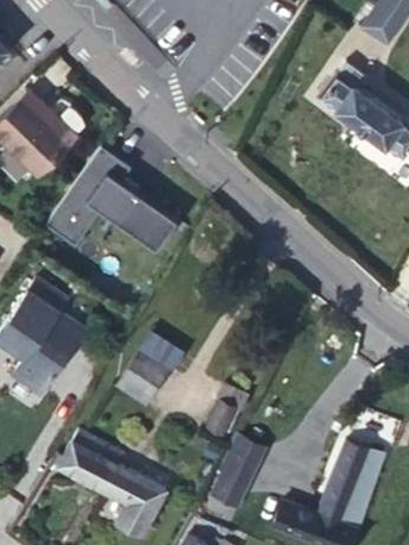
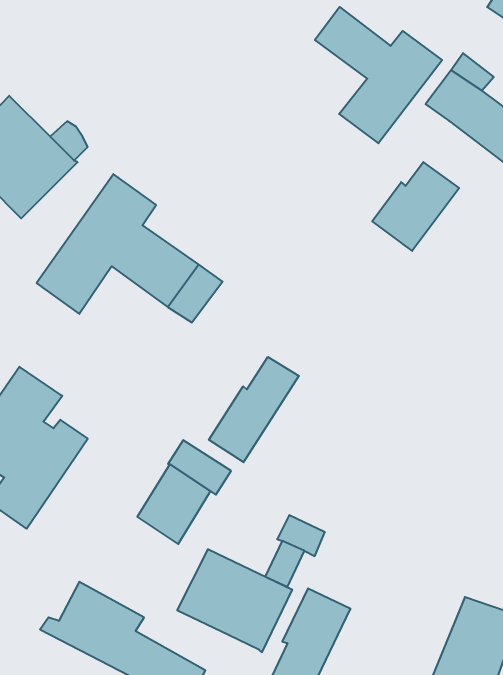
building: none -> [315,7,442,143]
building: none -> [372,162,459,251]
building: none -> [209,357,299,462]
building: none -> [177,549,292,652]

